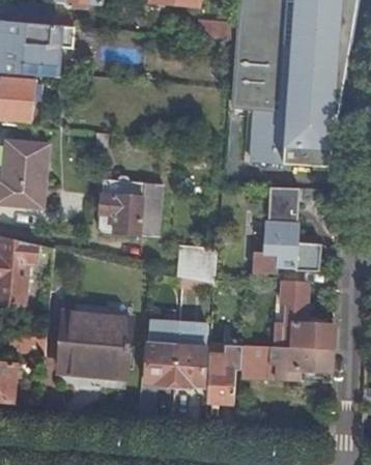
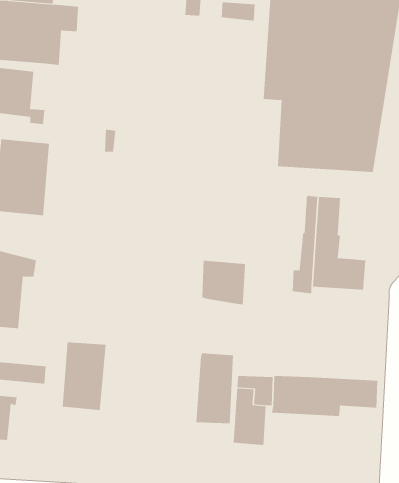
building: [99,179,164,235] -> none
building: [274,283,334,348] -> none
building: [93,317,132,376] -> none
building: [147,324,179,384] -> none

